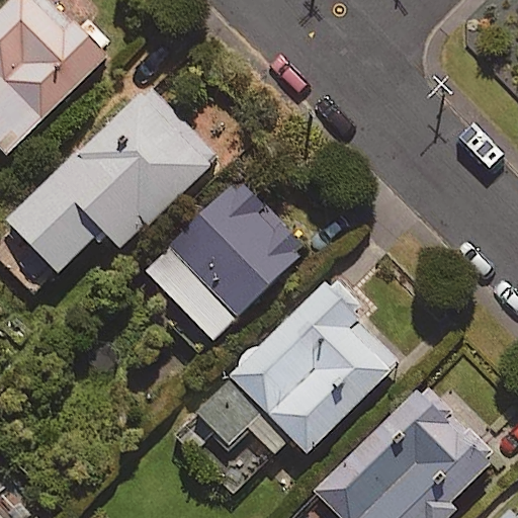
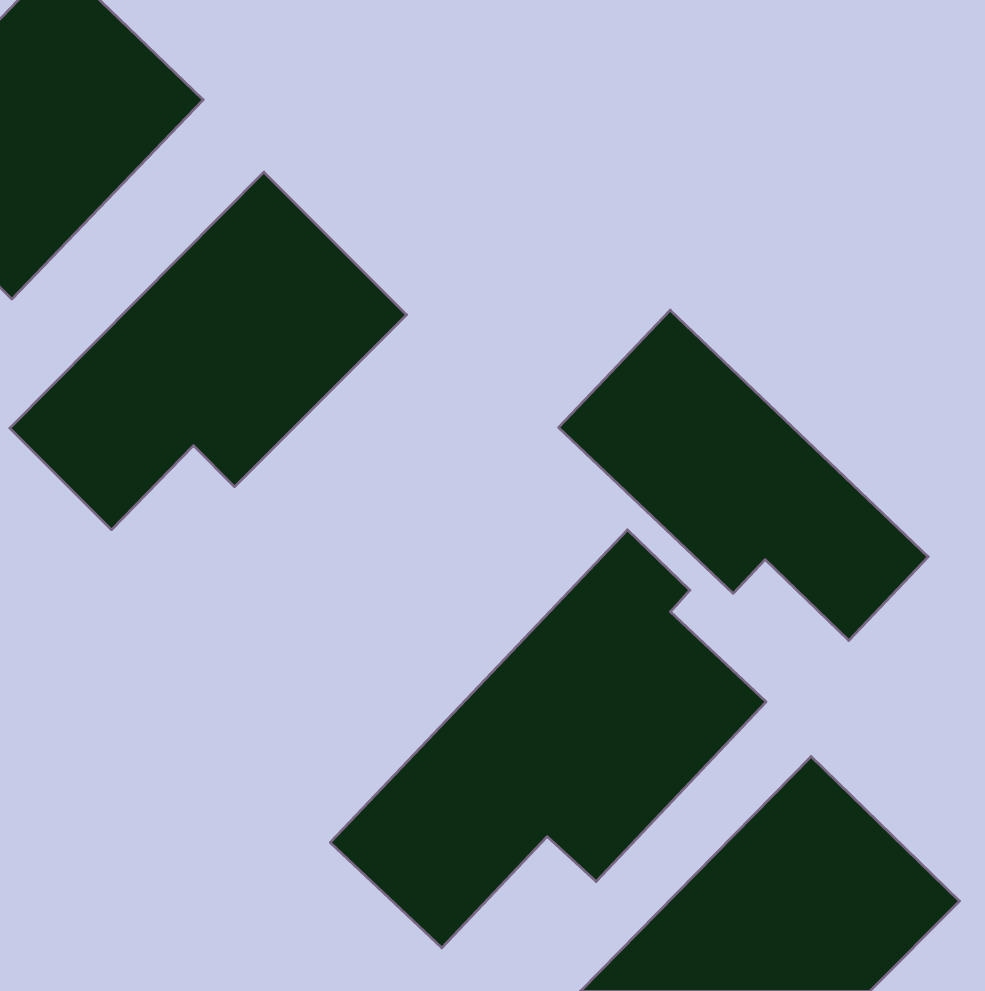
building: none -> [559,310,928,641]
building: [144,181,308,343] -> none

